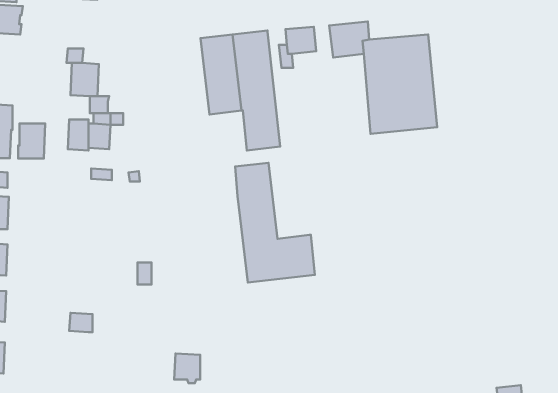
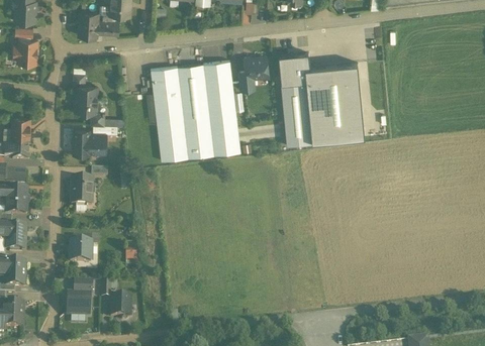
building: none -> [281,76,310,140]
building: [18,124,45,158] -> [71,177,92,204]
building: [235,163,315,283] -> [151,64,213,157]
building: none -> [70,241,91,260]
building: none -> [67,293,89,314]
building: [174,354,200,383] -> [110,295,130,318]

